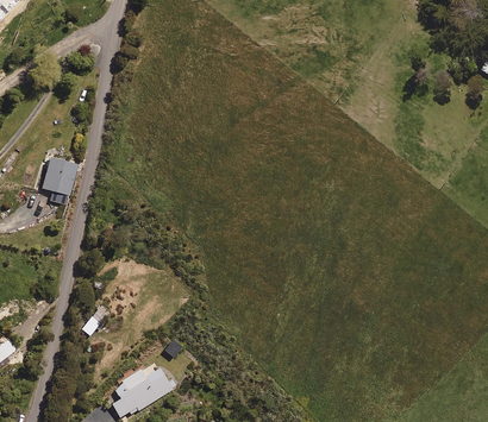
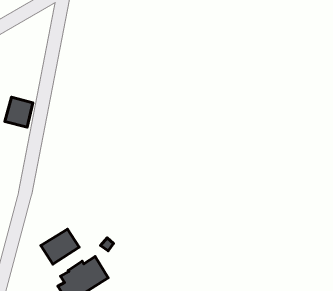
building: none -> [41,229,79,264]

